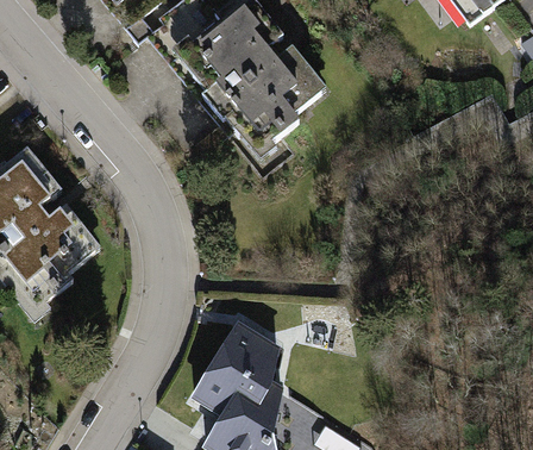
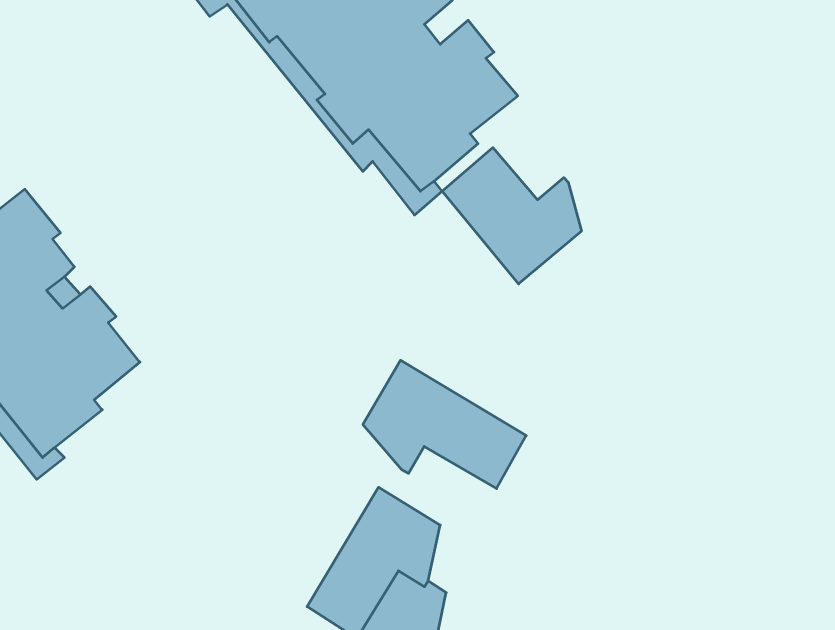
building: none -> [442,148,581,284]
building: none -> [363,360,526,489]

